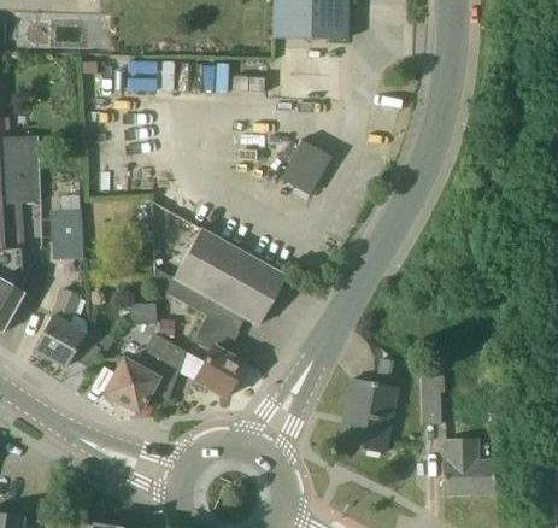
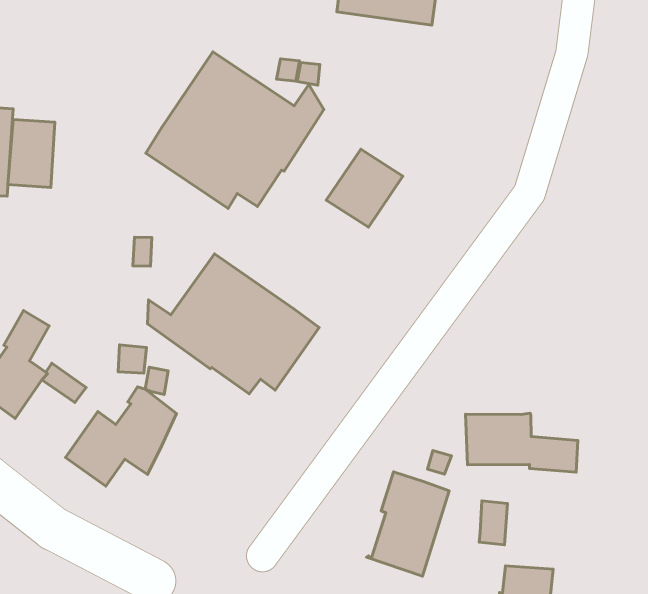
building: none -> [146,52,324,209]
building: [51,209,84,259] -> [8,119,55,188]
building: [192,313,245,398] -> none
building: none -> [466,413,578,472]

